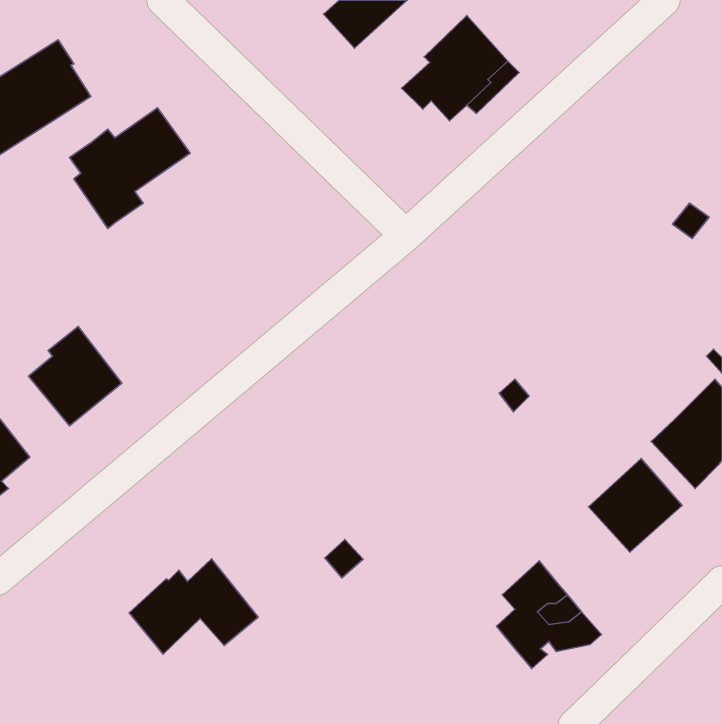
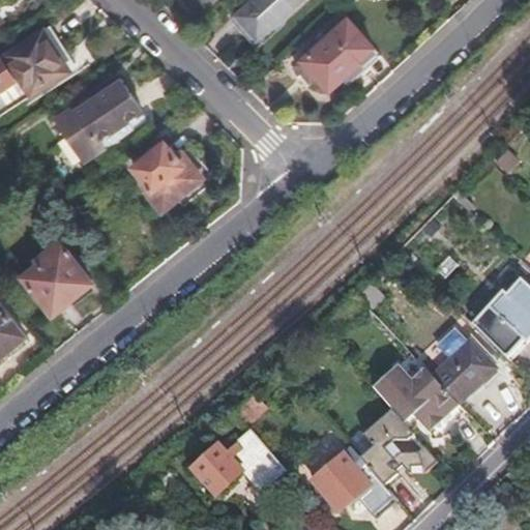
building: none -> [131,142,201,210]
building: none -> [372,361,460,431]
building: [129,559,258,654] -> [194,429,288,498]
building: none -> [315,447,395,516]

